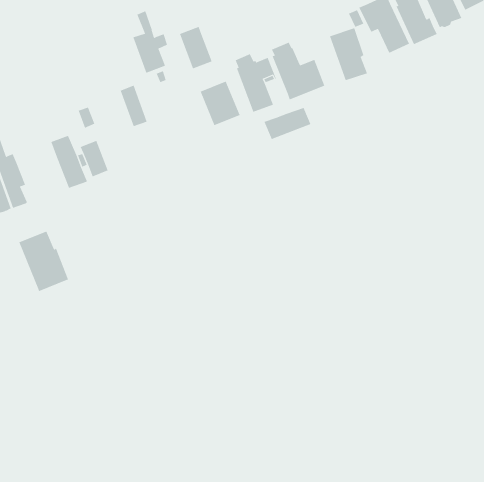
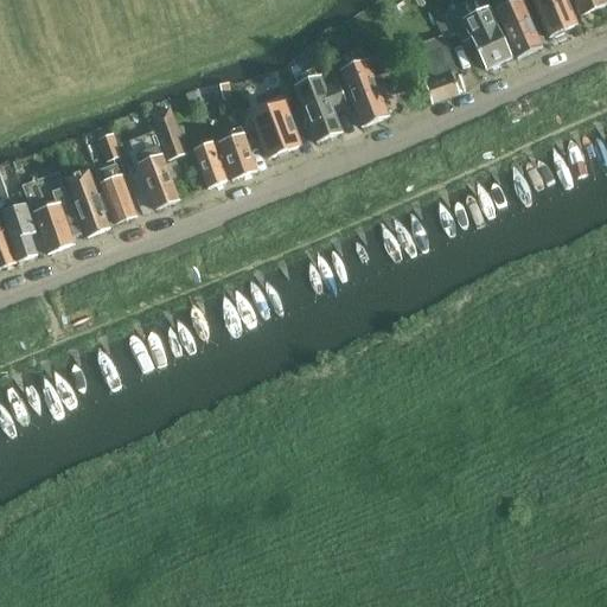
building: [133,11,168,73] -> [136,129,180,207]
building: [179,26,213,69] -> [215,124,256,178]
building: [264,107,311,140] -> none
building: none -> [192,141,225,186]
building: [18,231,69,292] -> [23,174,85,250]

